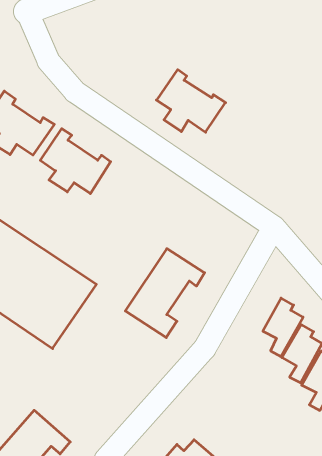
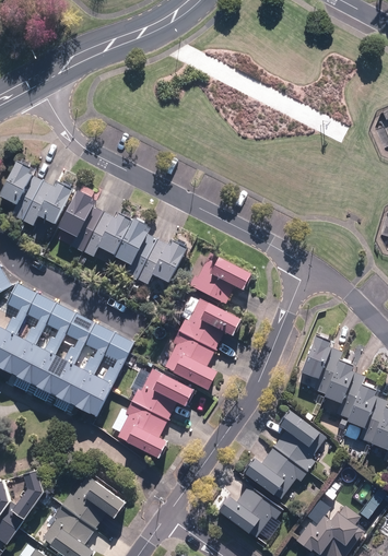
building: [156,70,226,132] -> [117,223,186,284]
building: none -> [188,253,250,305]
building: none -> [117,370,192,458]
building: none -> [245,412,319,494]

